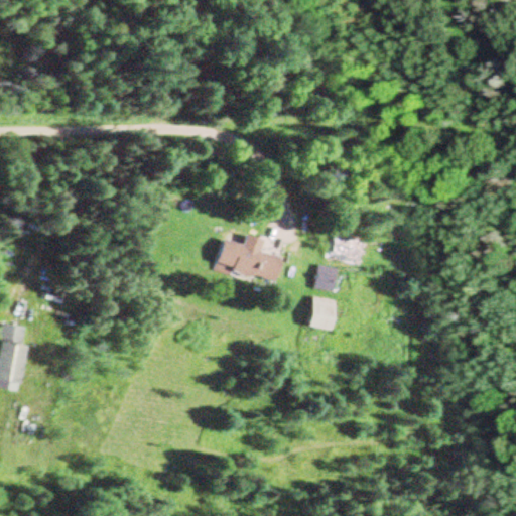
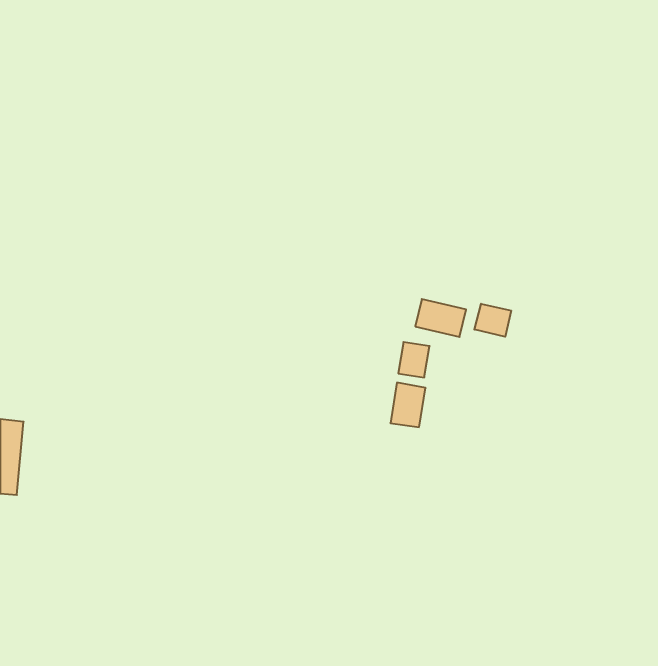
building: [216,235,281,282] -> none
building: none -> [474,304,511,337]

